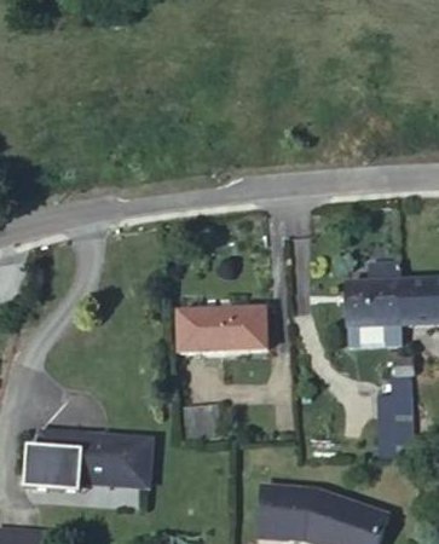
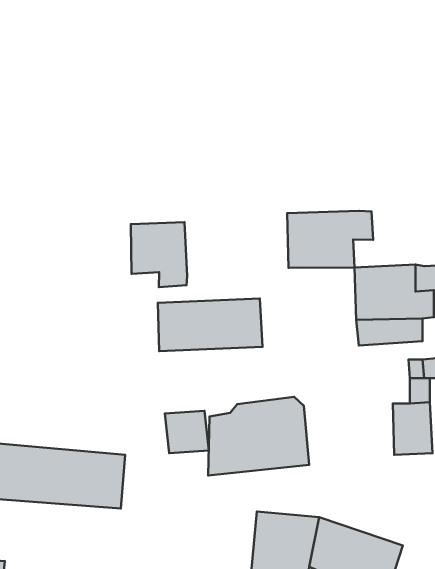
building: none -> [287,211,373,268]
building: none -> [131,222,187,287]
building: none -> [208,397,309,476]

